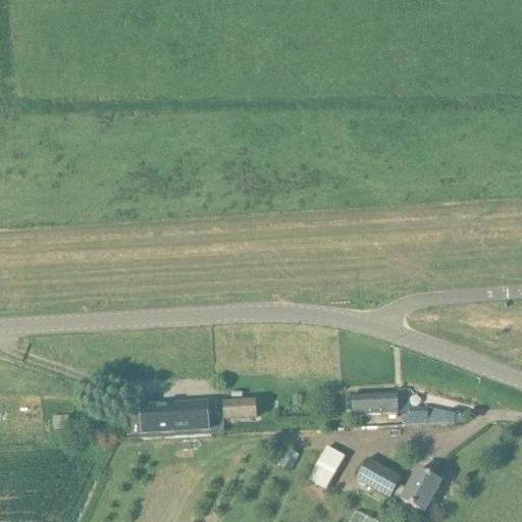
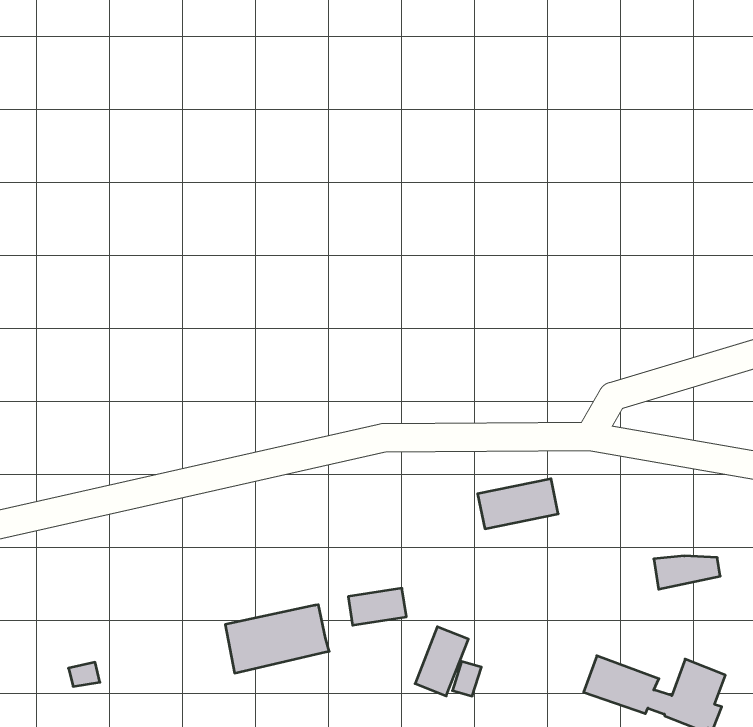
building: [351,390,397,414] -> [478,479,558,529]
building: [308,446,344,487] -> [415,627,468,696]

